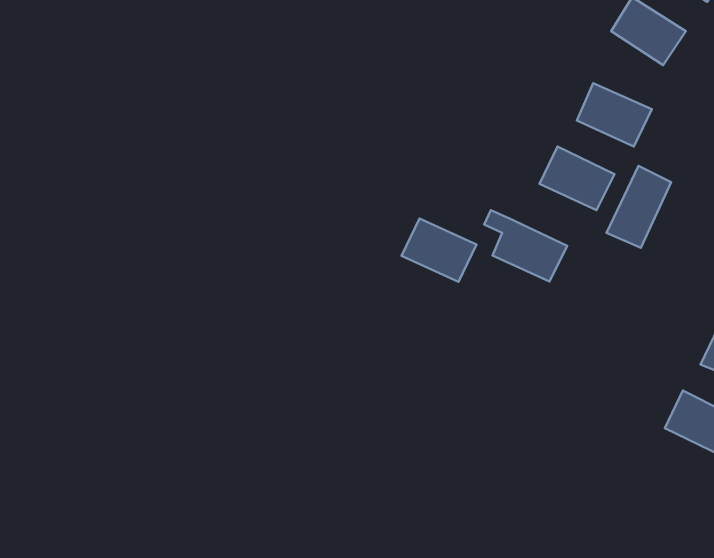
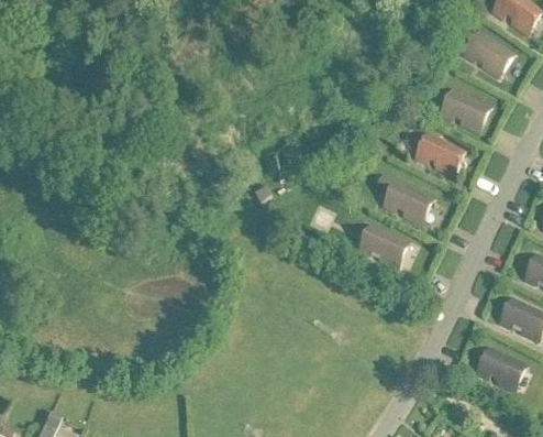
building: [607,166,671,248] -> none
building: [402,218,476,282] -> [357,223,408,266]
building: none -> [475,347,525,390]

